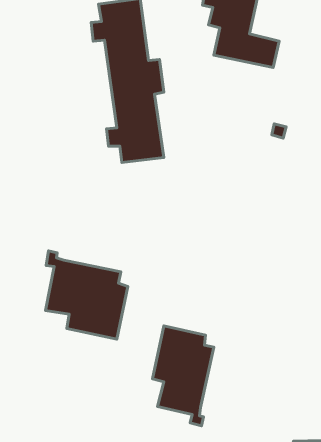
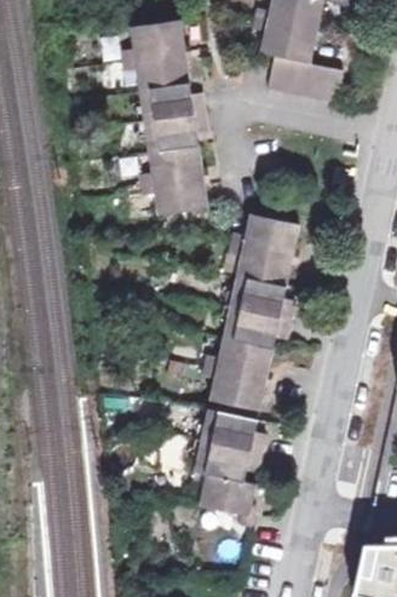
building: none -> [203,214,300,411]
building: [46,251,128,339] -> none

